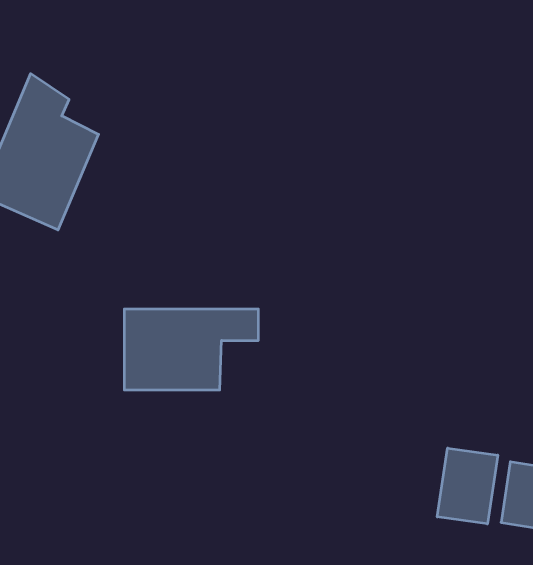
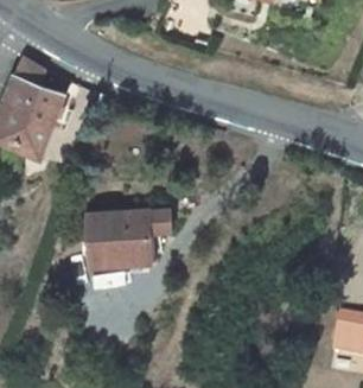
building: [437,448,498,524] -> none

